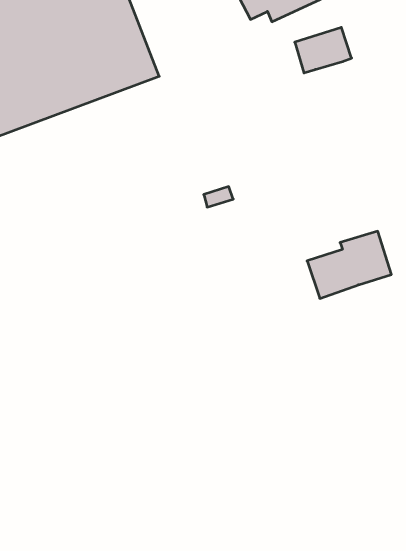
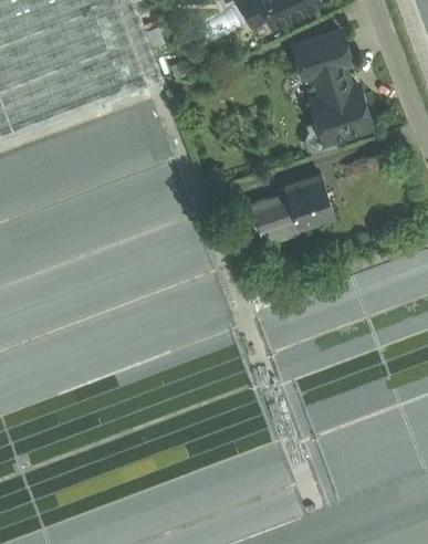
building: none -> [302,63,369,153]
building: [307,231,391,298] -> [251,174,333,239]

